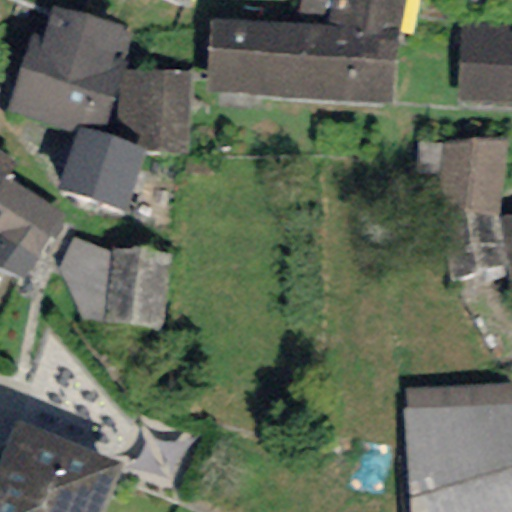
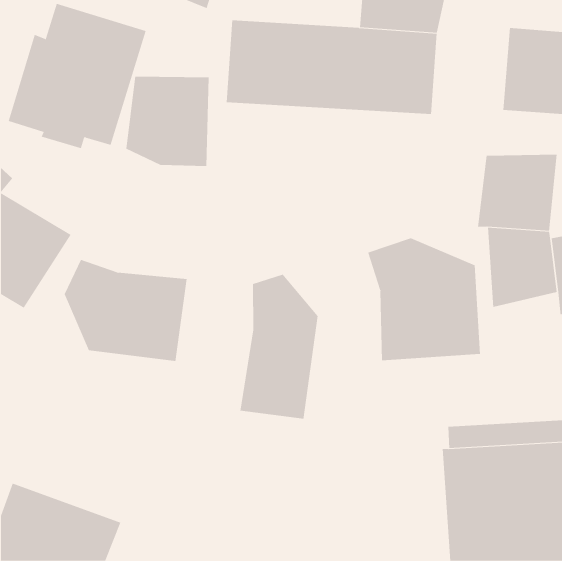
building: [55,125,146,209] -> none
building: none -> [368,237,480,361]
building: none -> [240,274,318,420]

